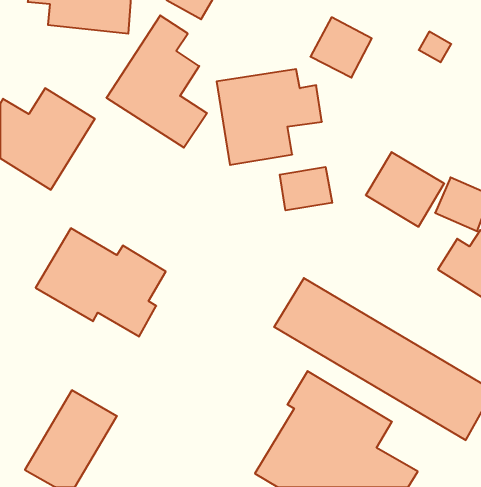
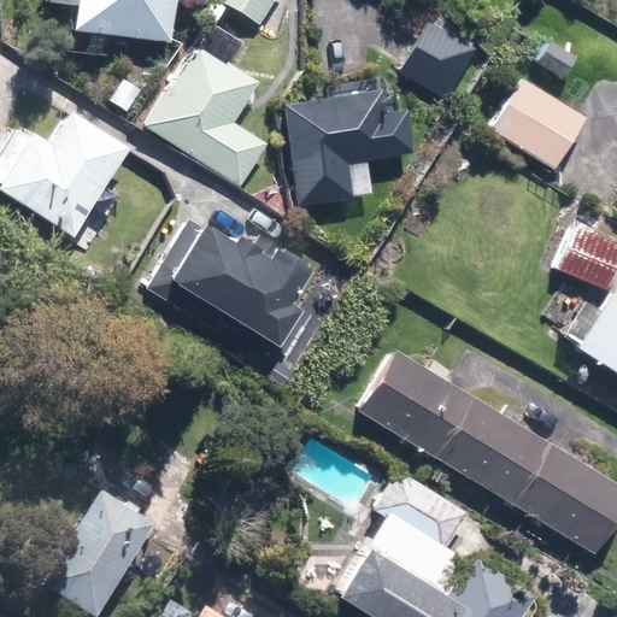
building: [366,152,444,227] -> [490,75,589,169]
building: [280,167,332,210] -> none
building: [36,228,166,337] -> [146,212,310,348]

